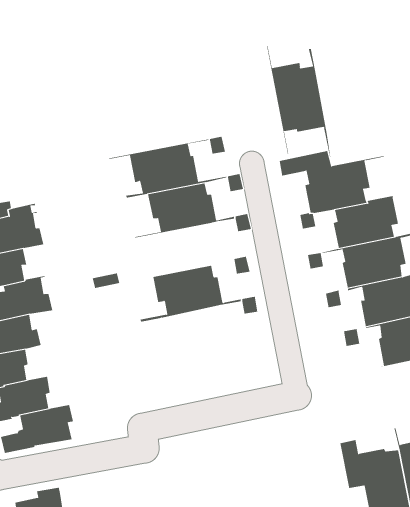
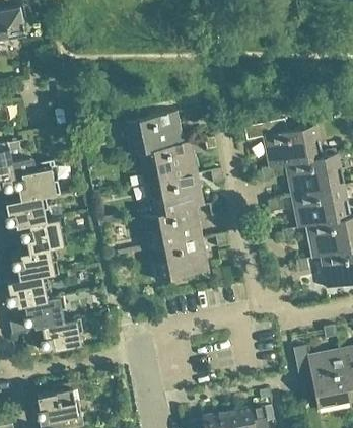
building: [267,45,331,158] -> none
building: none -> [147,176,205,219]
building: none -> [144,241,210,286]

